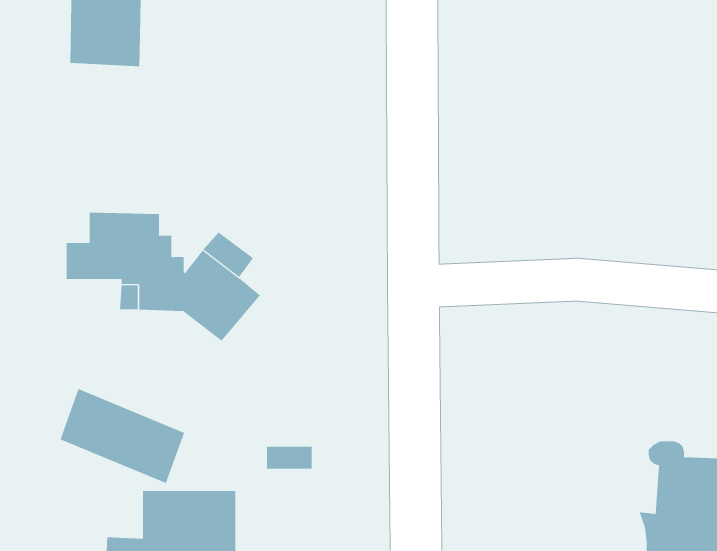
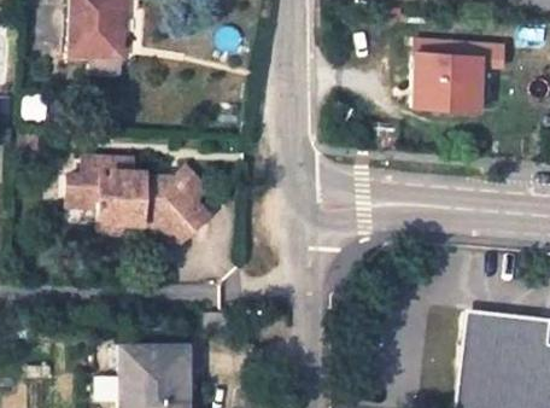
building: none -> [415,52,481,109]
building: [60,388,185,484] -> none

